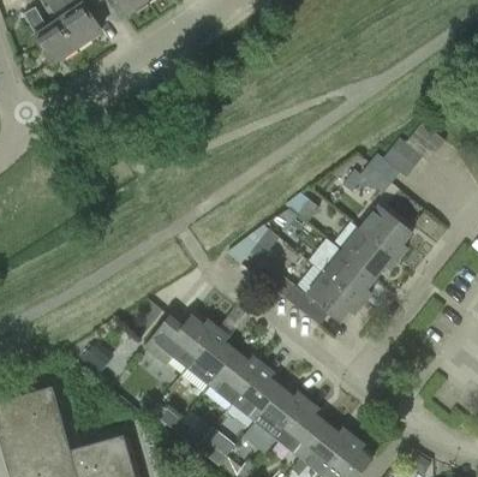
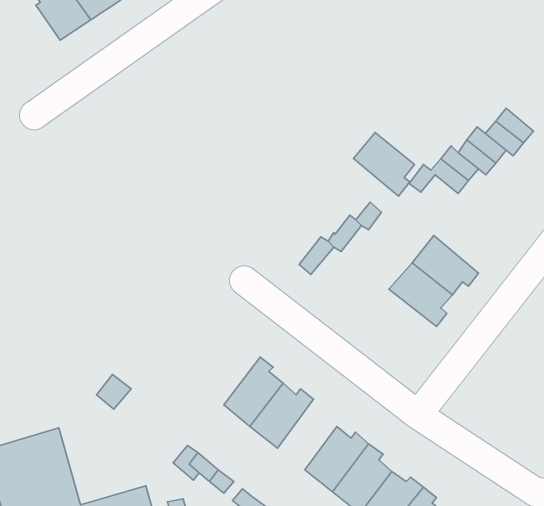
building: [362,205,412,258] -> [354,133,414,196]
building: [286,272,364,324] -> none
building: [143,315,217,368] -> none
building: [232,363,281,422] -> none

